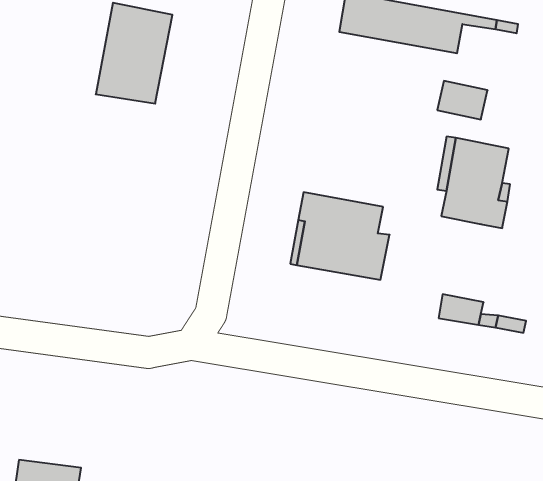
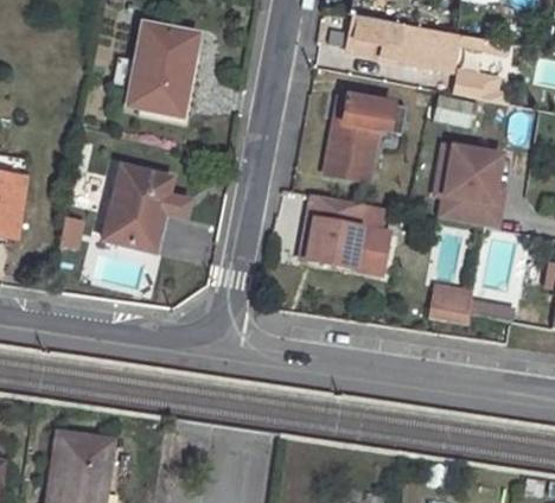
building: none -> [453,69,506,101]
building: none -> [325,95,404,179]
building: none -> [101,166,170,250]

